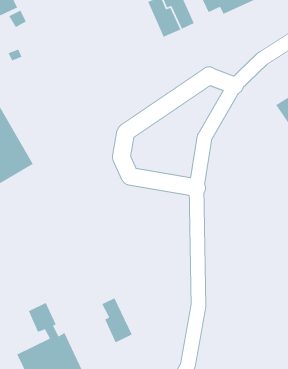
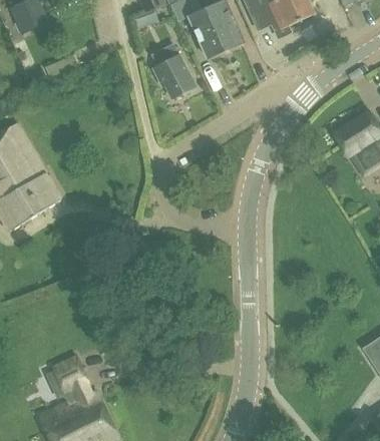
building: none -> [151,44,195,97]
building: [101,297,133,344] -> none

